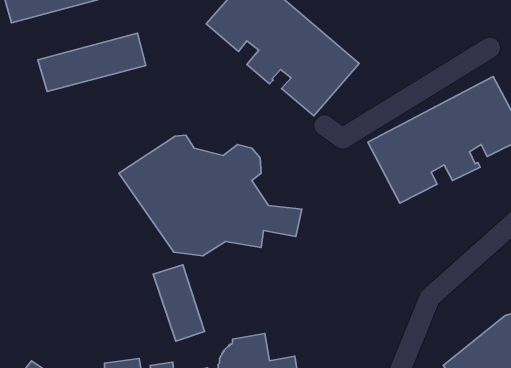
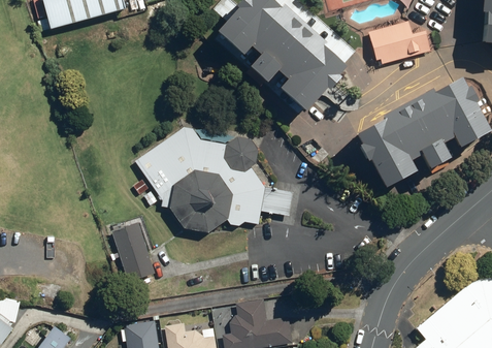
building: none -> [367,20,430,61]
building: [38,33,146,91] -> none
building: [153,265,204,341] -> [113,222,158,288]

